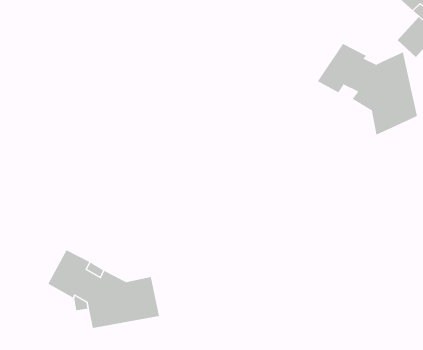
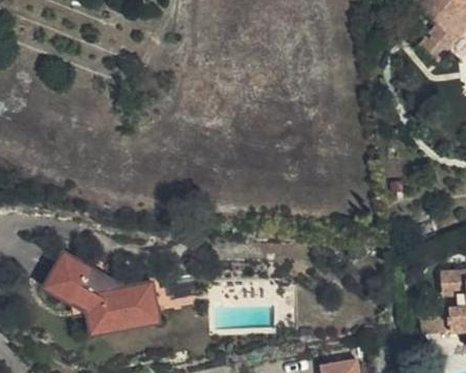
building: [317,43,418,135] -> none

